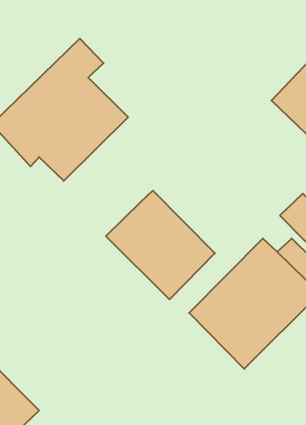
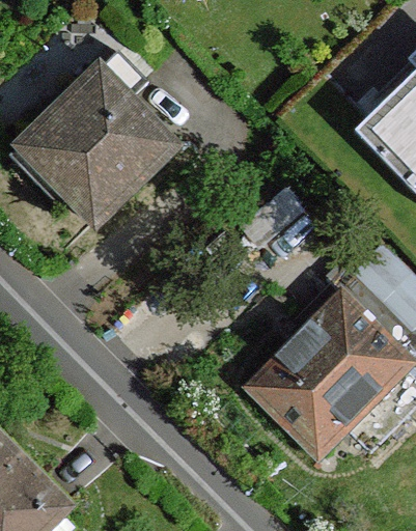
building: [106,191,215,299] -> none

